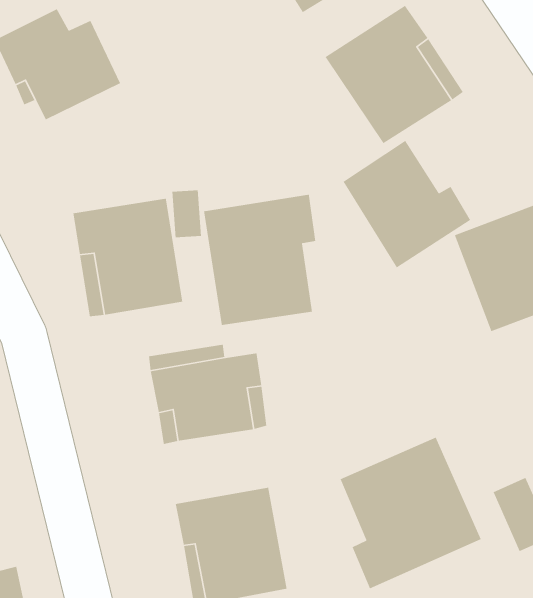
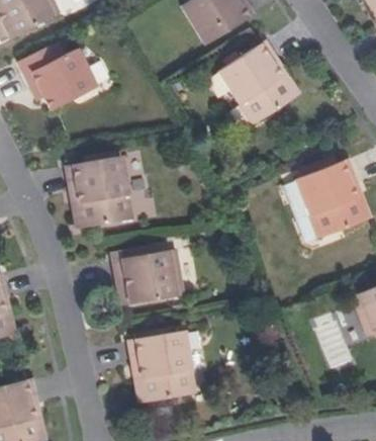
building: [342,140,471,268] -> none
building: [203,194,316,326] -> none
building: [339,437,482,590] -> none

